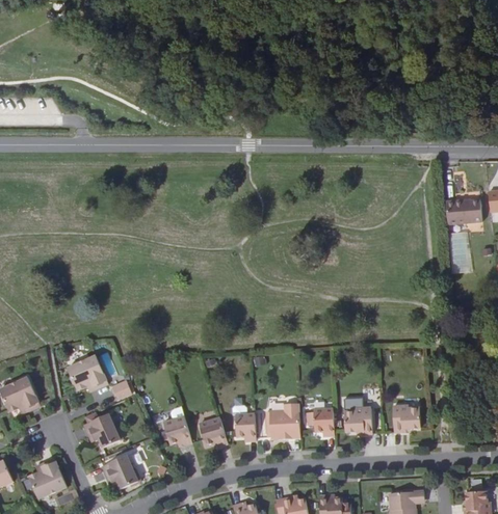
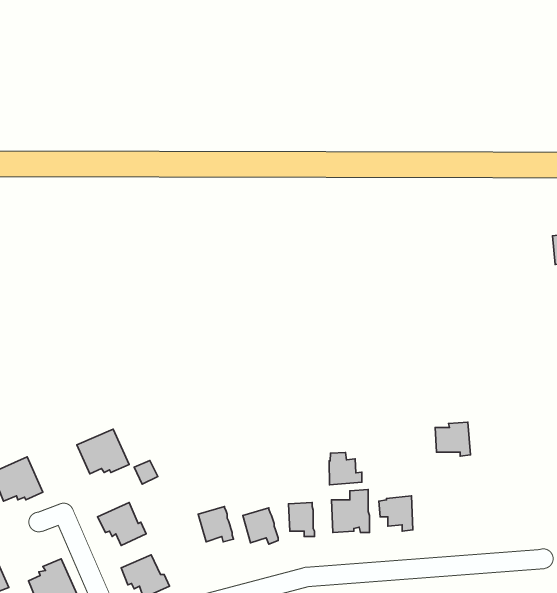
building: none -> [329,452,362,485]
building: [392,406,420,432] -> none
building: [344,407,372,434] -> [435,422,471,456]

